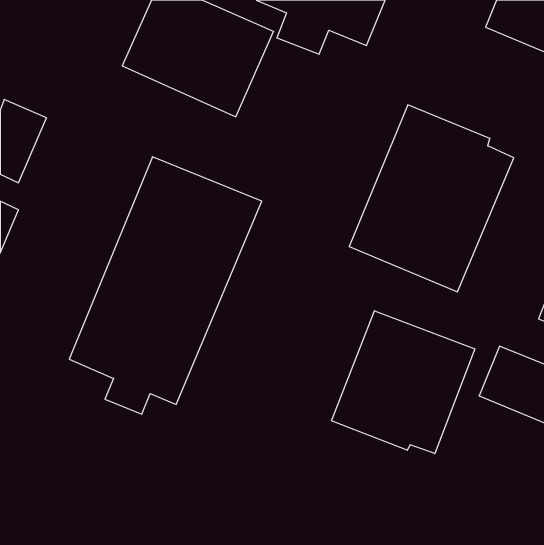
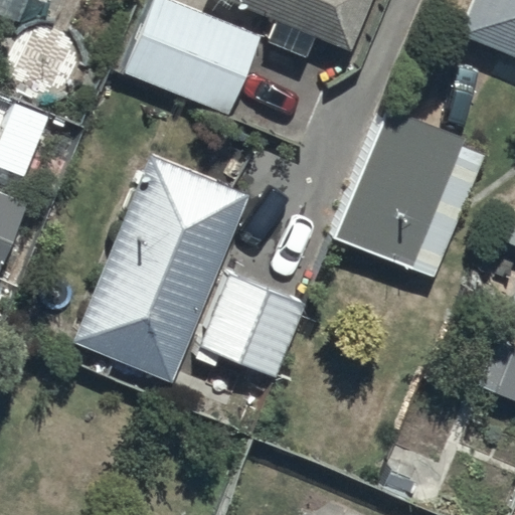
building: none -> [193,276,302,376]
building: [332,311,475,454] -> none

